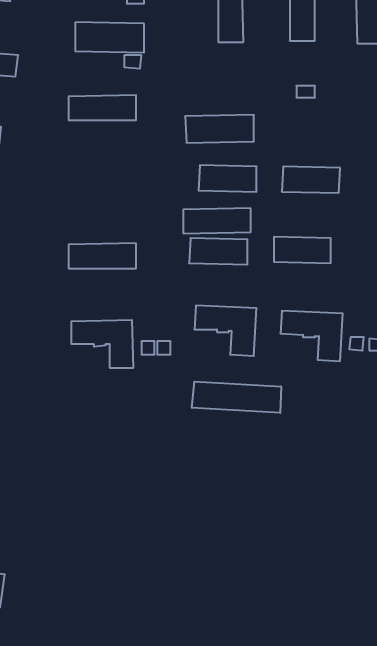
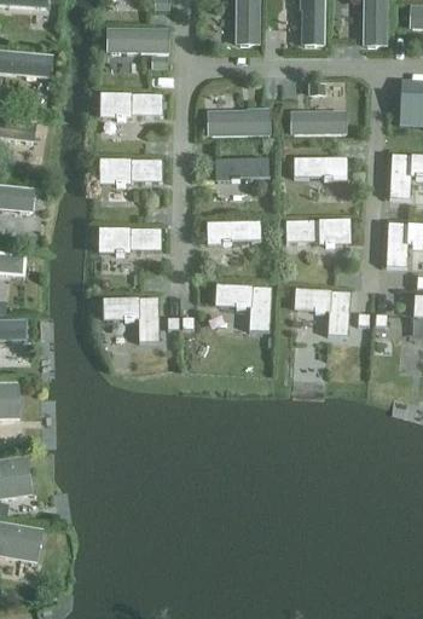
building: none -> [292,110,344,134]
building: [183,208,251,233] -> [102,158,163,181]
building: [192,382,281,413] -> none

